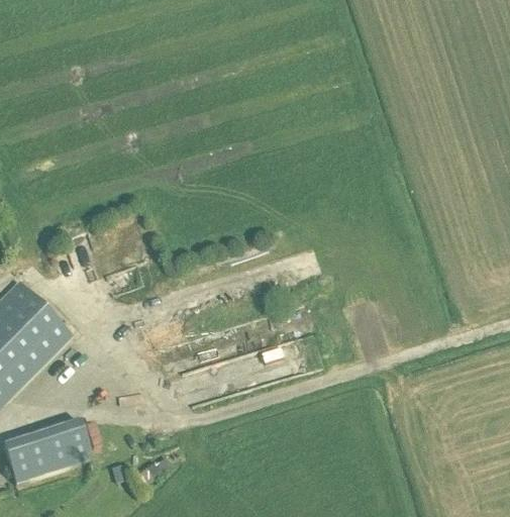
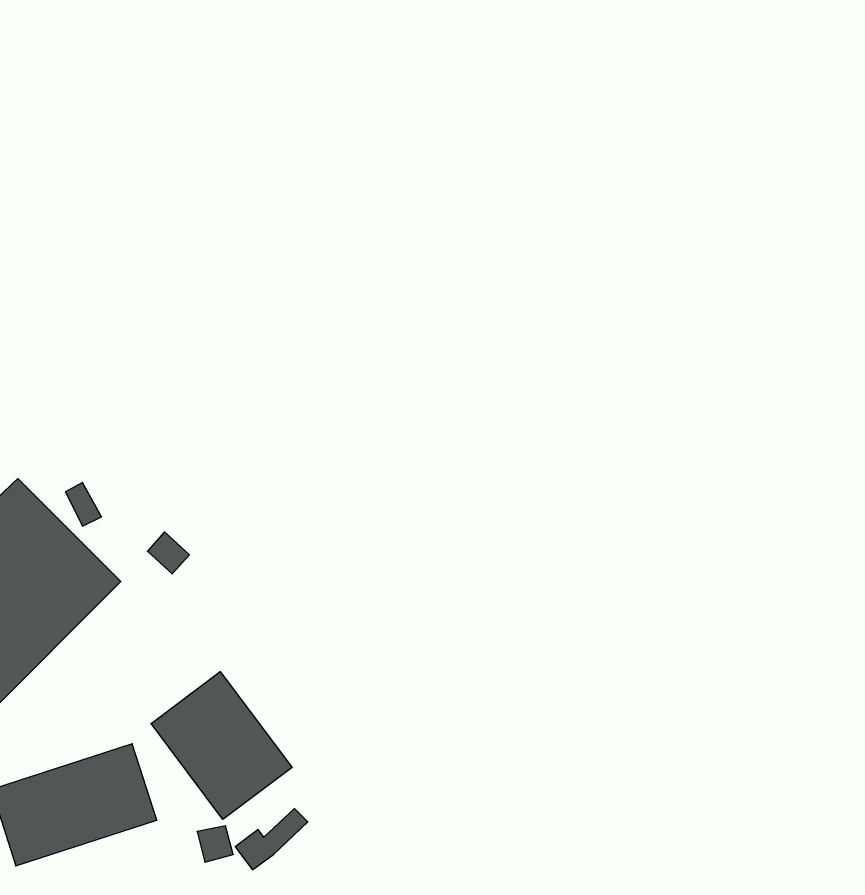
building: none -> [151,672,292,819]

